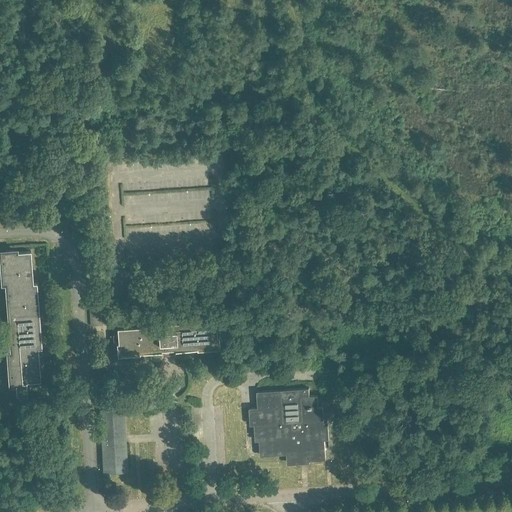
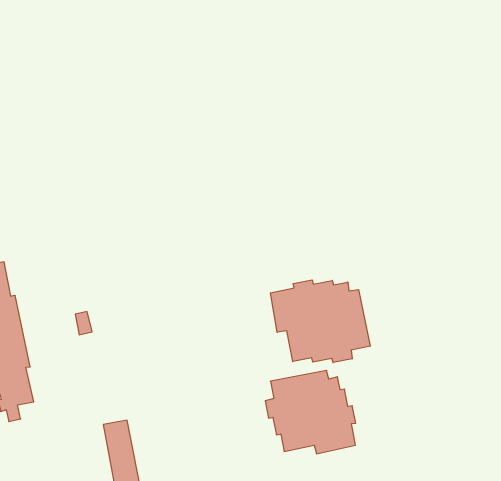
building: none -> [270,280,370,363]
building: [115,323,219,358] -> none

